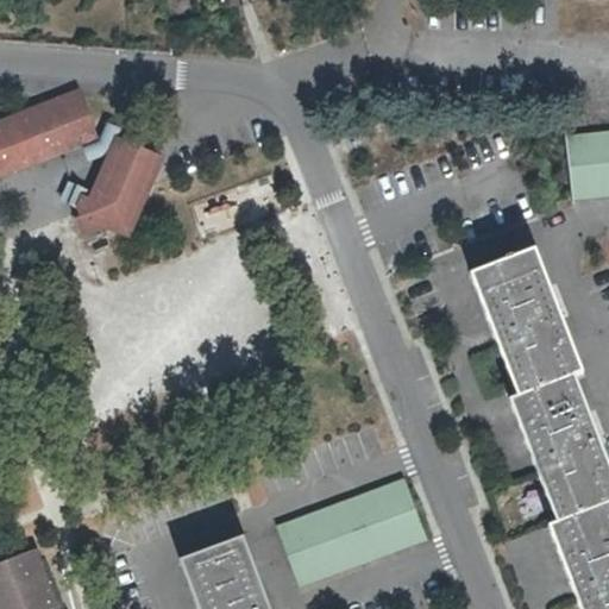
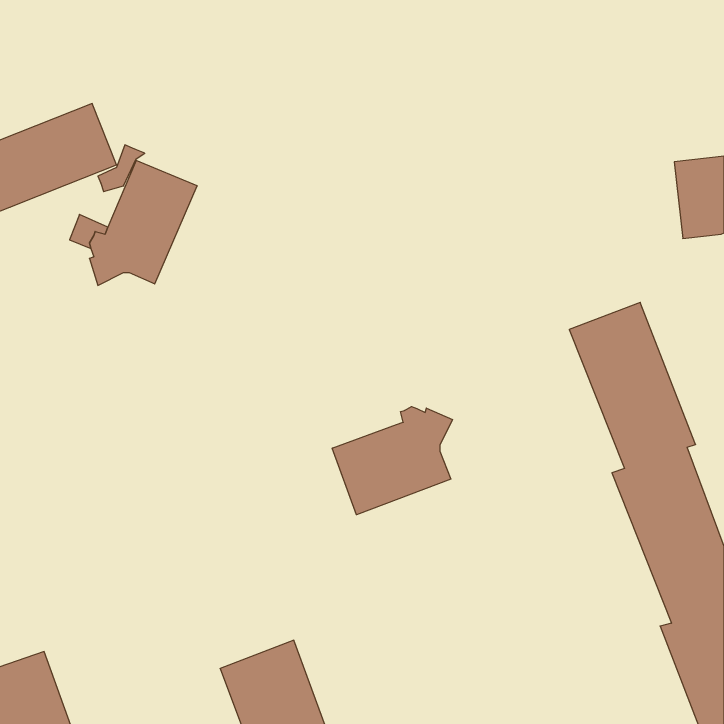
building: none -> [332,407,452,515]
building: [277,477,427,588] -> none

